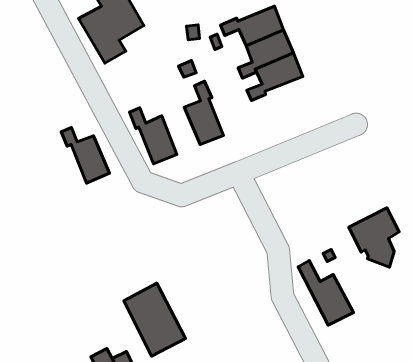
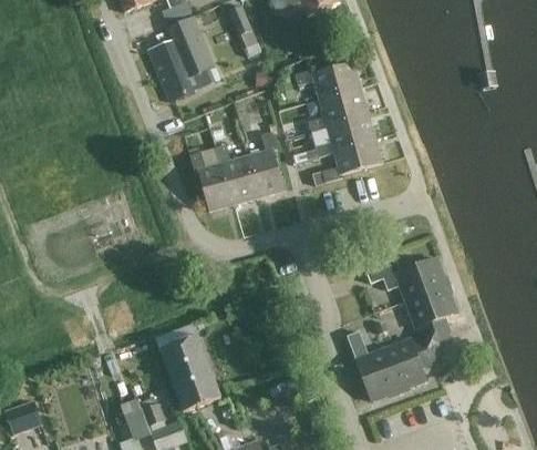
building: none -> [312,137,381,184]
building: [61,128,110,183] -> [214,144,259,204]
building: none -> [365,257,446,300]
building: none -> [382,336,442,390]

